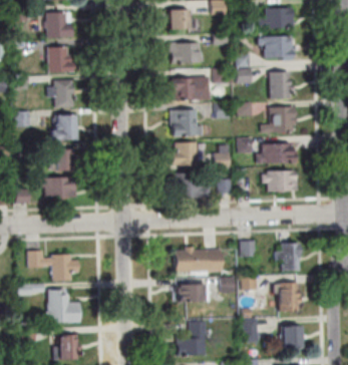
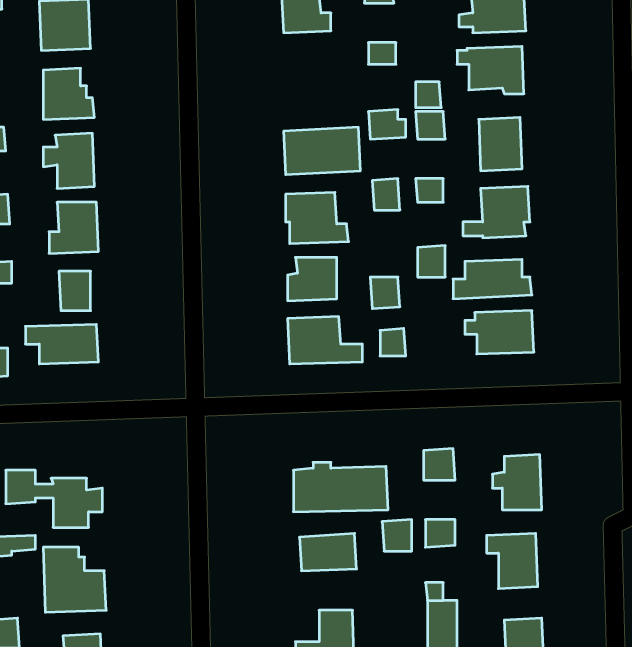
building: [171,42,204,62] -> none

